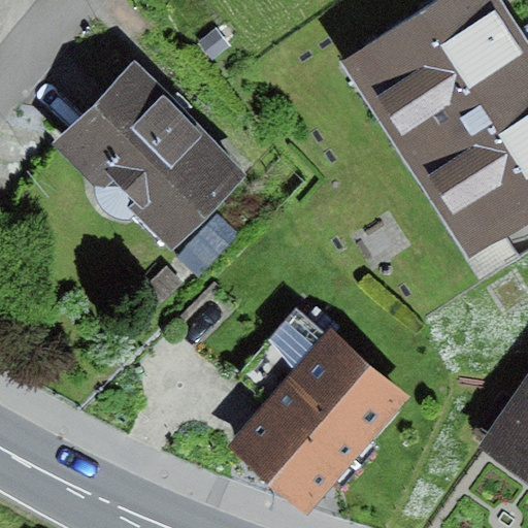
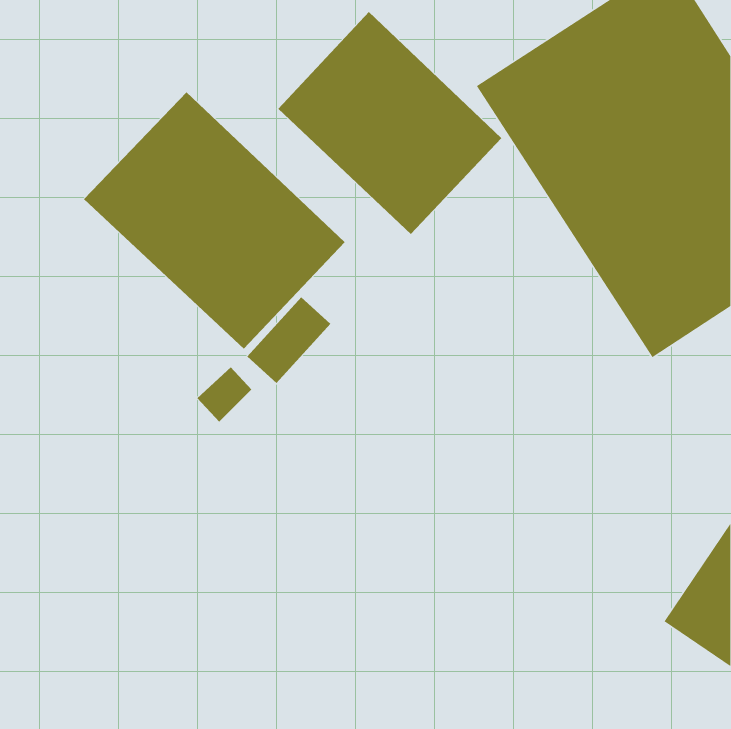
building: none -> [278,11,502,235]
building: [229,327,411,515] -> none

